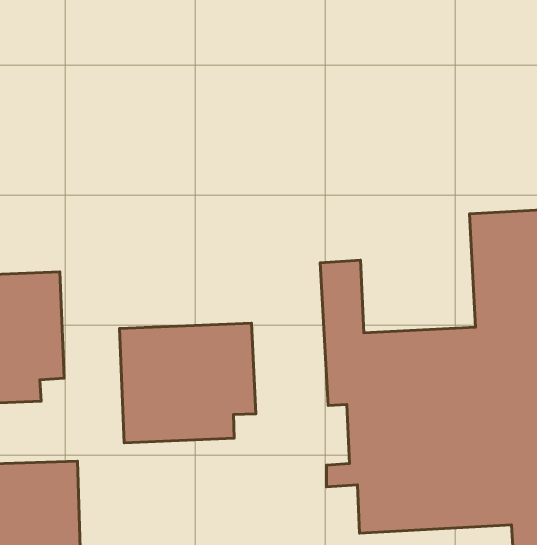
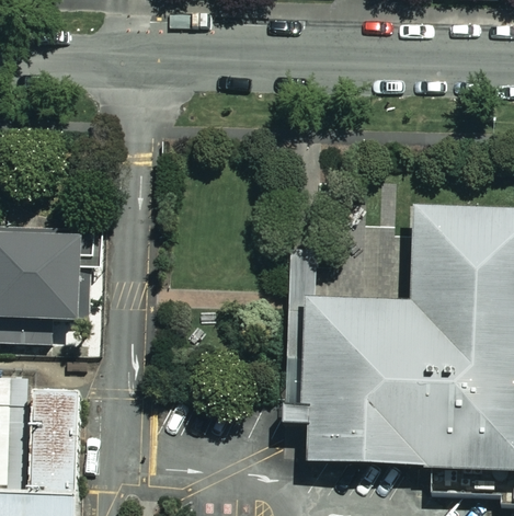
building: [119,323,256,443] -> none

